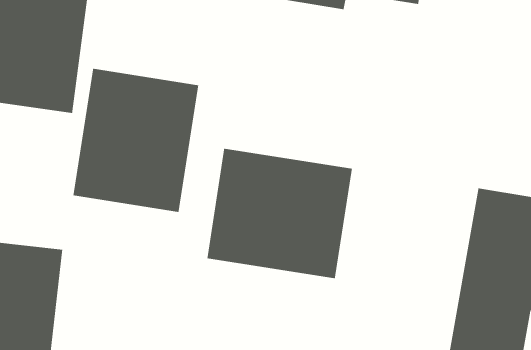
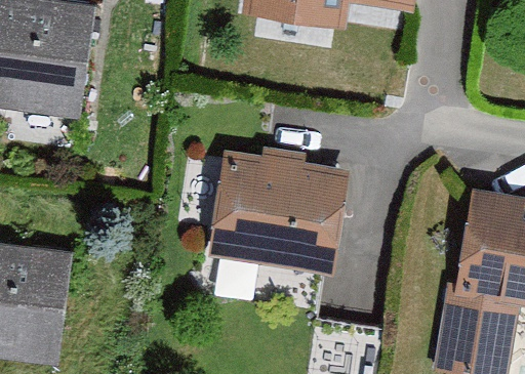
building: [72,68,199,213] -> none

